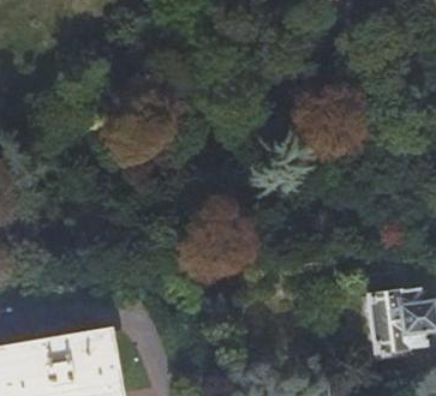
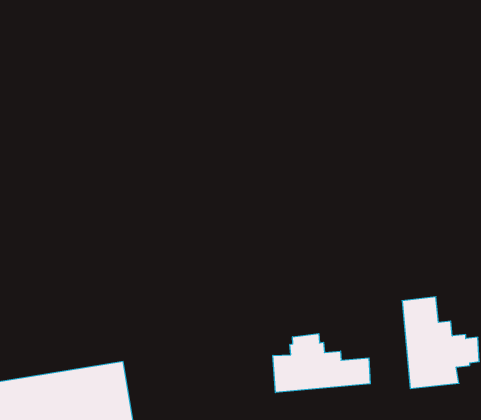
building: none -> [273,334,370,393]

